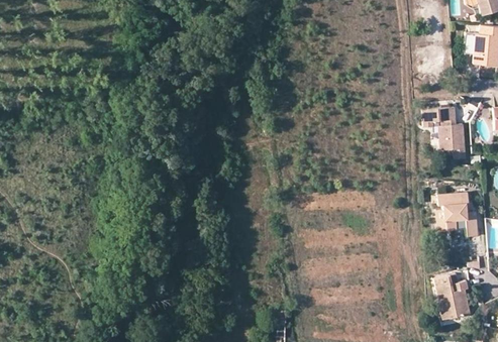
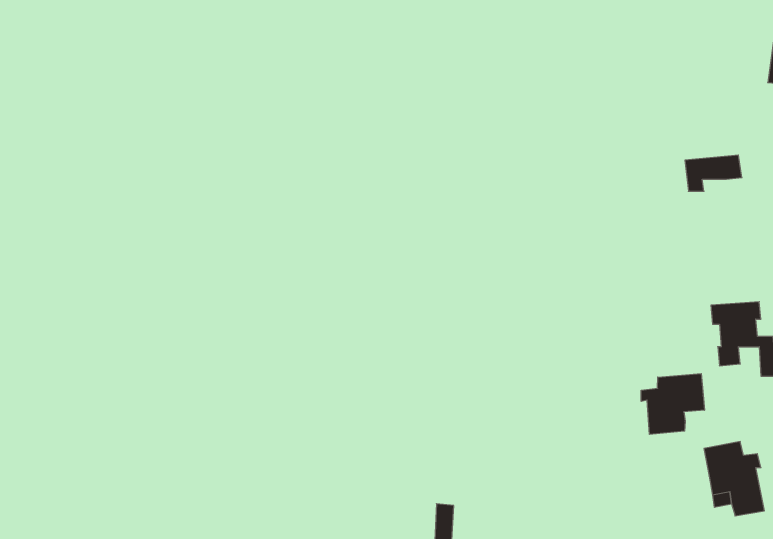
building: [439,125,467,159] -> none
building: none -> [641,374,704,434]

